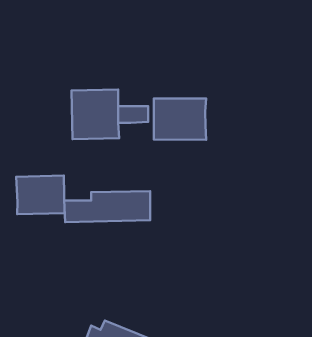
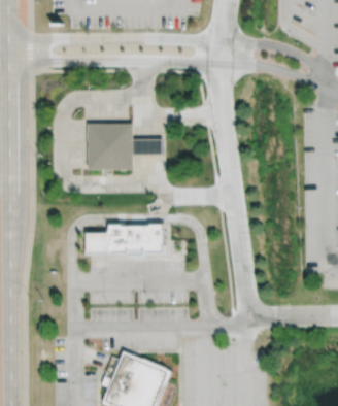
building: [154,98,206,140] -> none
building: [16,176,65,214] -> none

